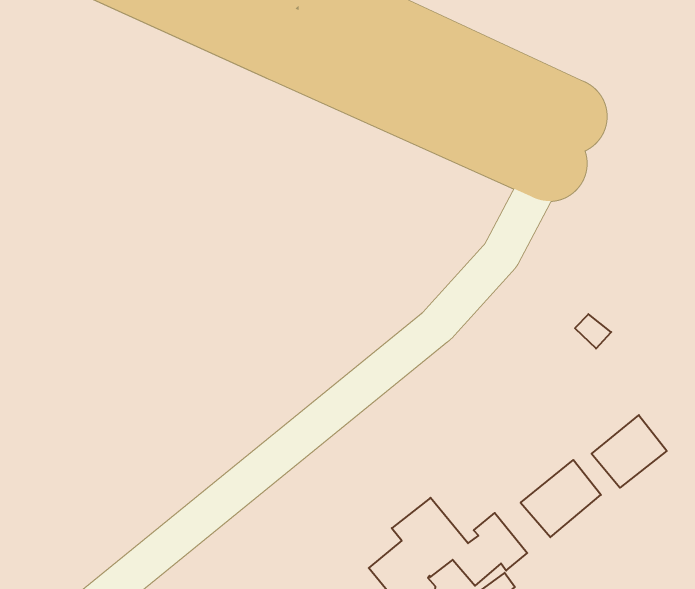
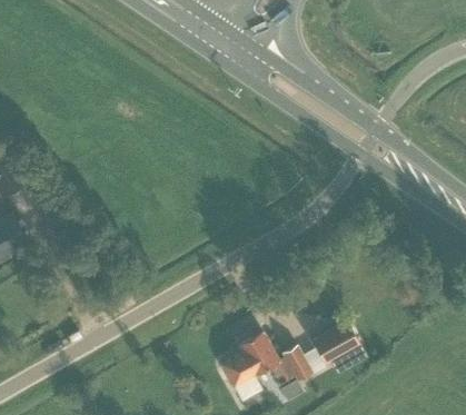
building: [592,415,667,488] -> none

